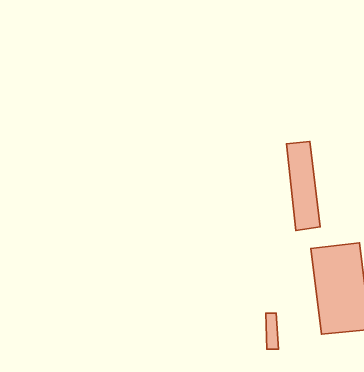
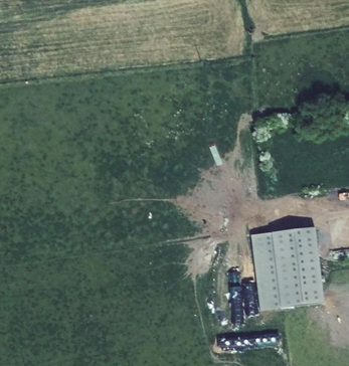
building: [287,141,320,230] -> [252,233,282,311]

